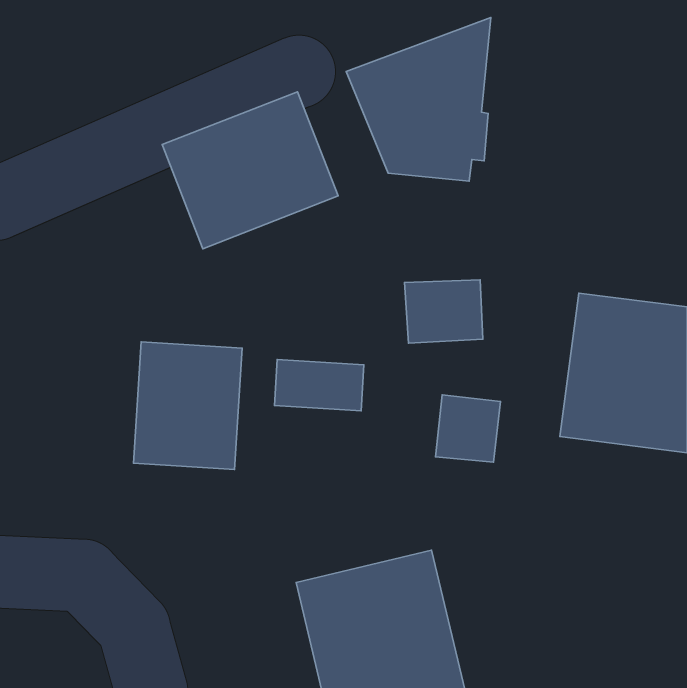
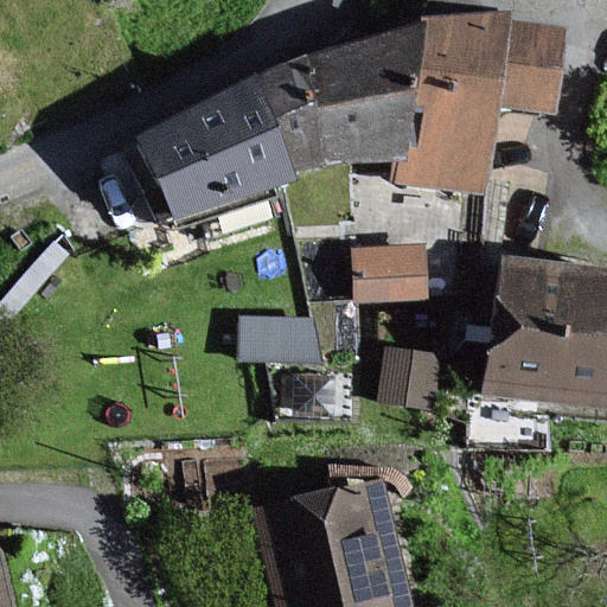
building: none -> [410,7,563,186]
building: none -> [261,65,340,174]
building: [134,342,242,469] -> none

